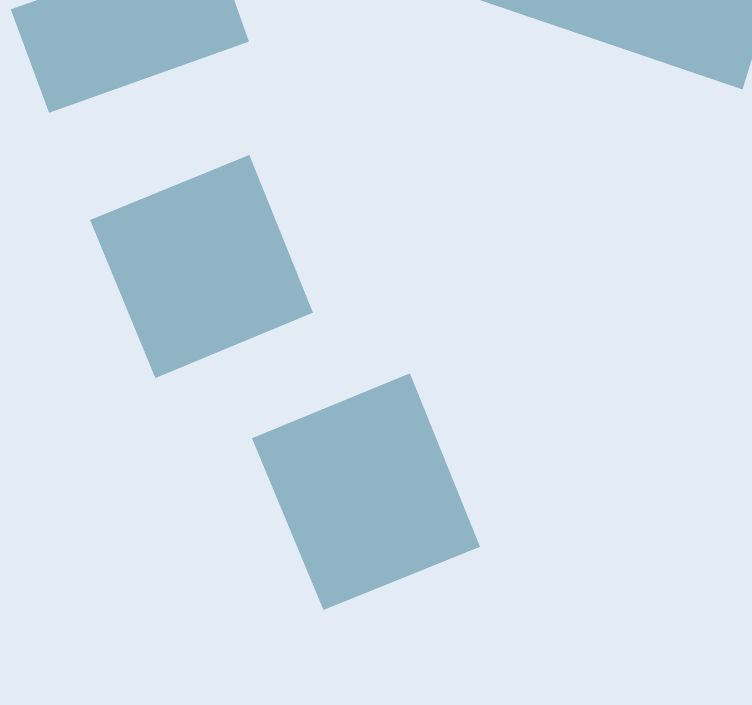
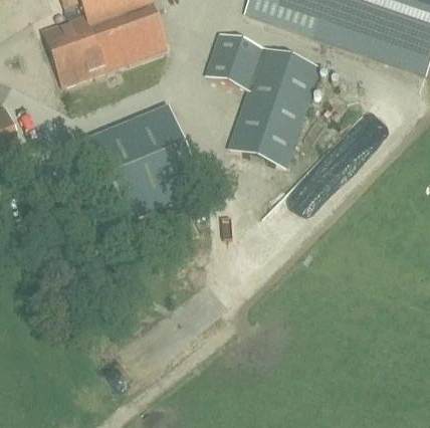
building: none -> [206,33,319,165]
building: [251,373,481,611] -> none

